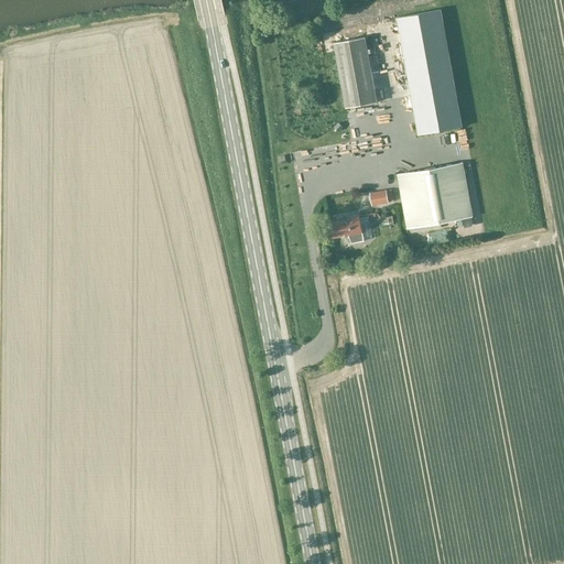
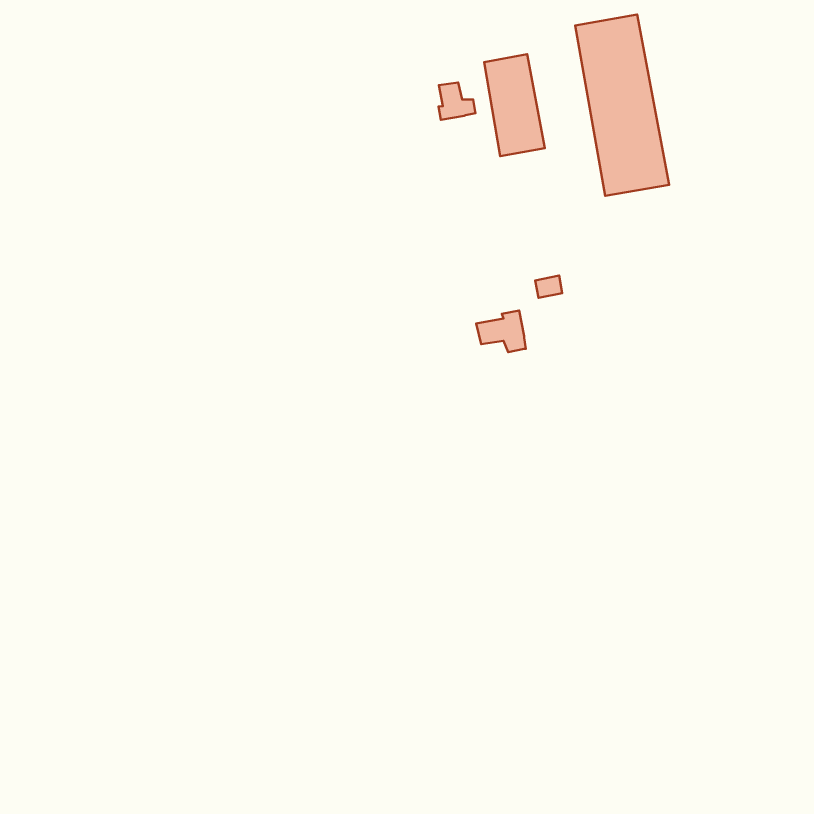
building: none -> [438,82,476,120]
building: [398,163,473,229] -> none

